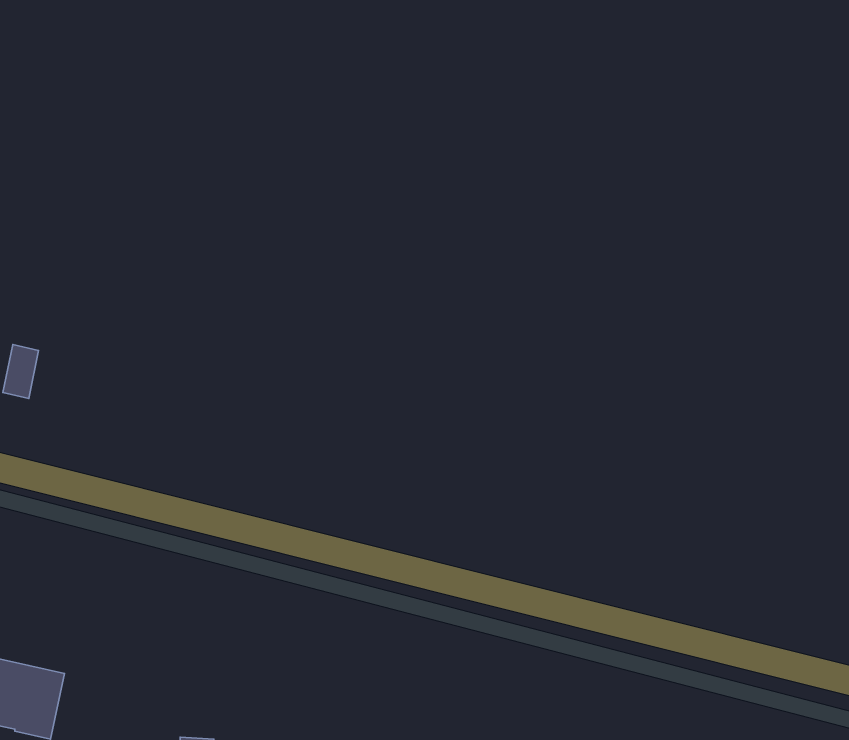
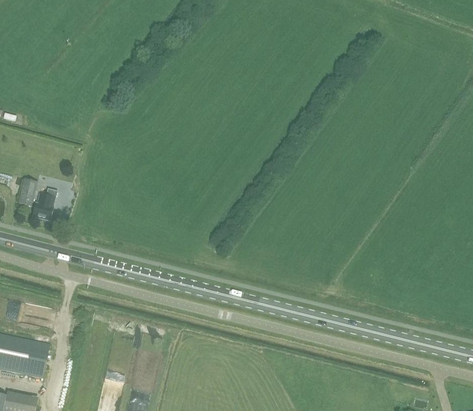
building: none -> [32,193,55,220]

